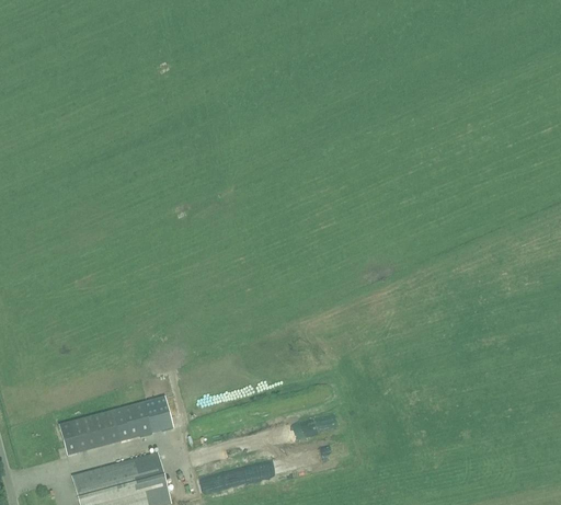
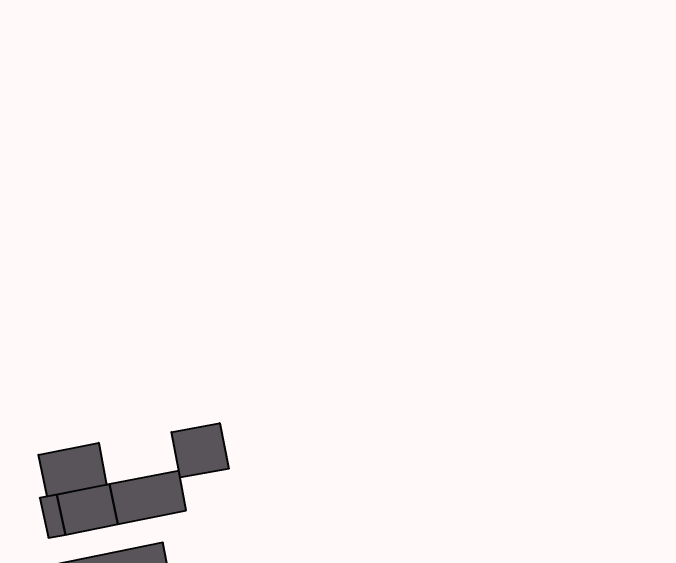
building: none -> [171,423,229,478]
building: none -> [38,443,107,496]

